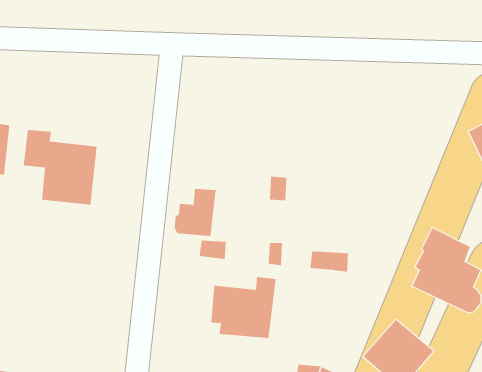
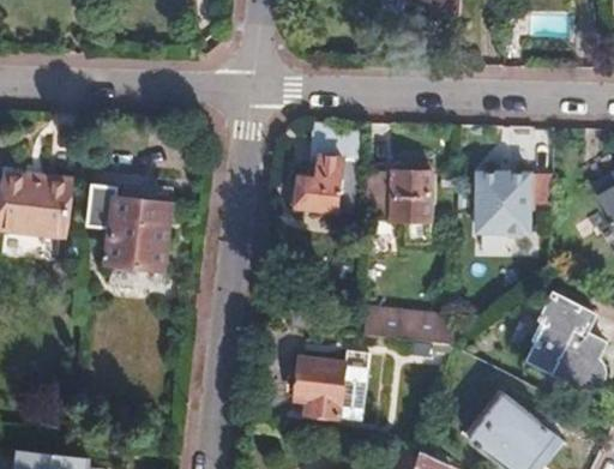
building: none -> [367,169,433,221]
building: none -> [475,173,549,235]
building: [174,189,216,237] -> [297,157,345,211]

